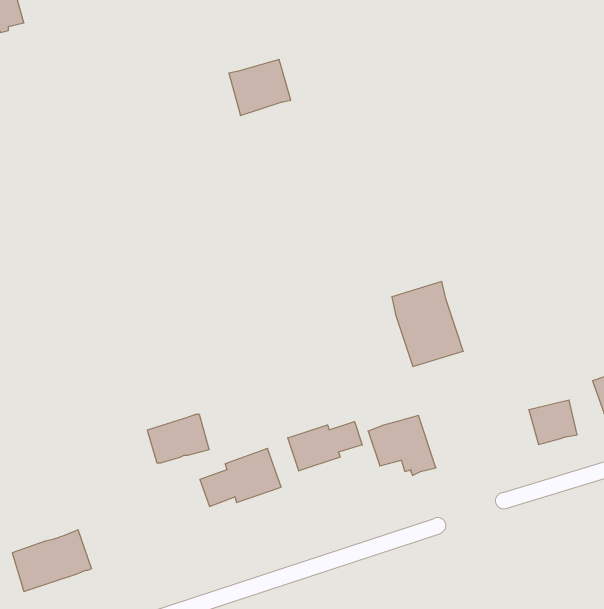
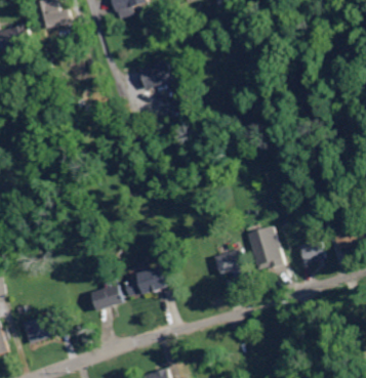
building: [392,282,463,367] -> [248,228,286,274]
building: [147,415,209,463] -> [90,286,123,311]
building: [288,422,362,471] -> none

